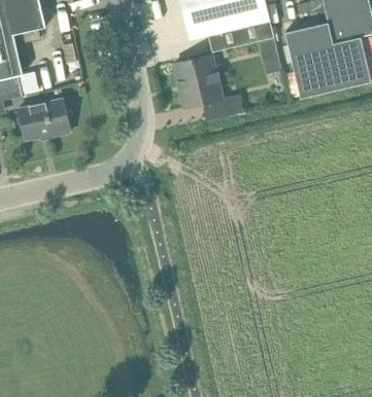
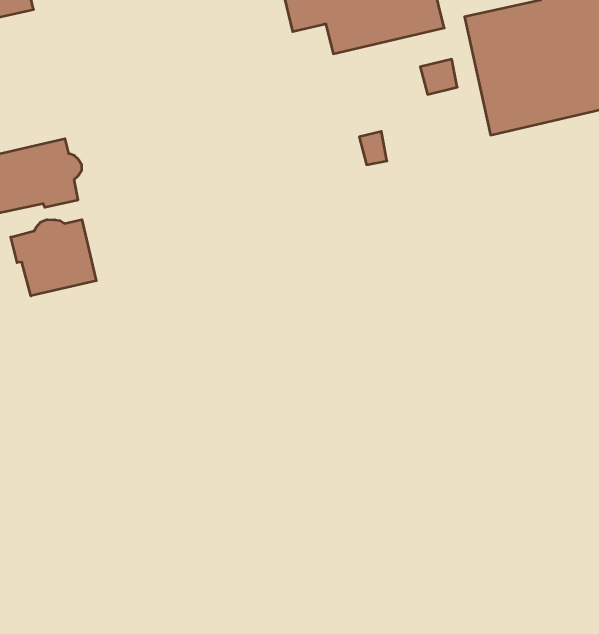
building: [172,55,222,108] -> none
building: none -> [11,220,96,296]

